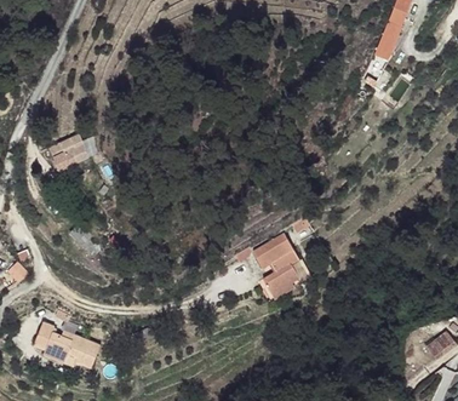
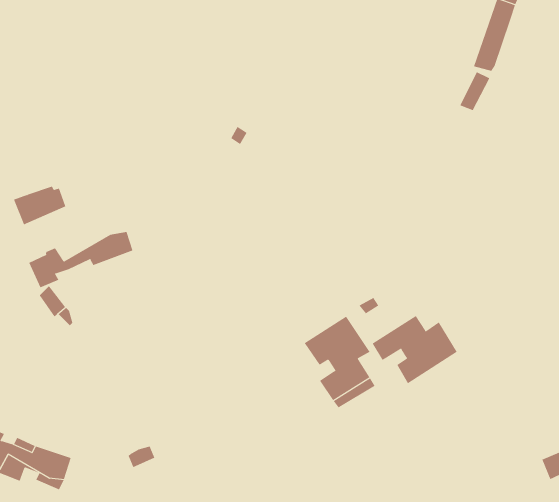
building: none -> [28,231,133,288]
building: none -> [372,315,458,384]

